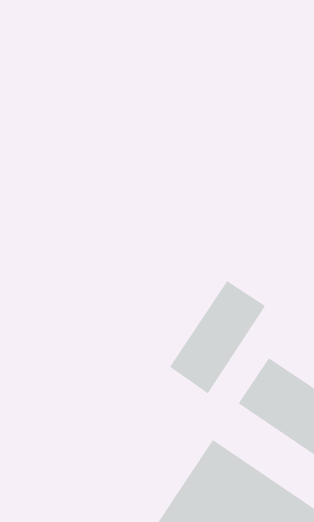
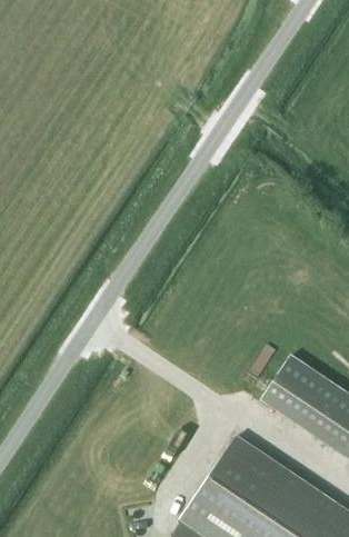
building: [169,280,266,394] -> none

